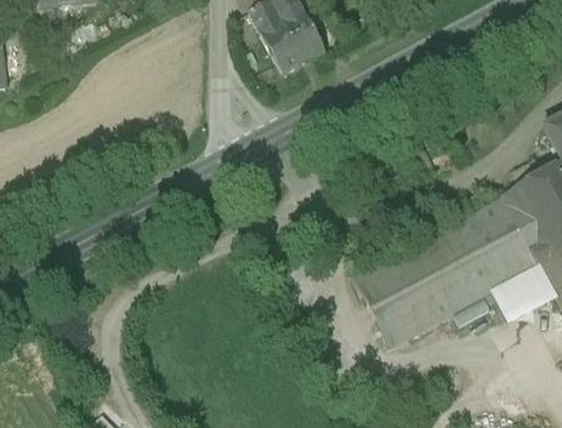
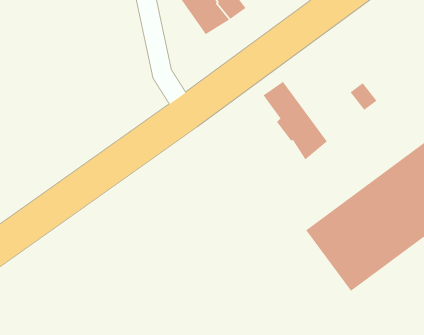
building: none -> [262,81,328,160]

